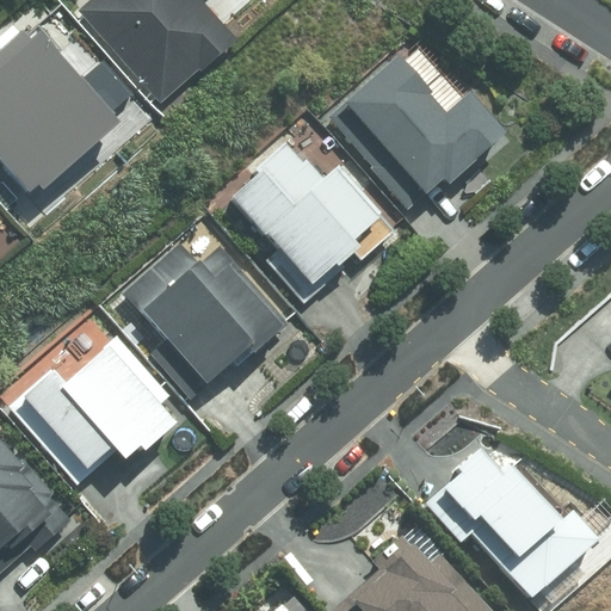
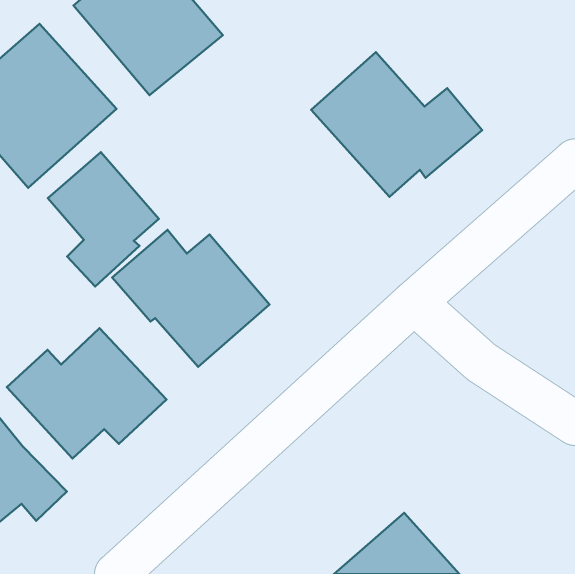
building: [228,143,388,301] -> none
building: none -> [48,152,159,287]
building: [442,448,587,595] -> none

